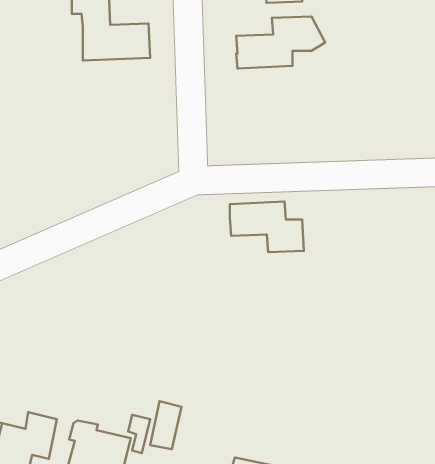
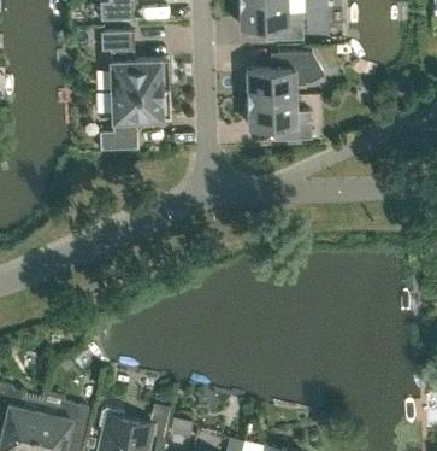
building: none -> [99,89,170,151]
building: [230,202,304,252] -> [246,96,311,141]

